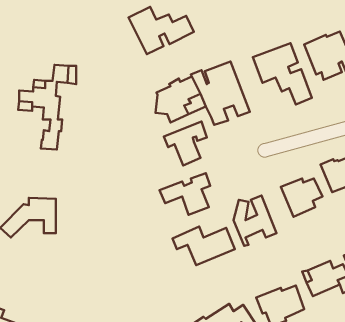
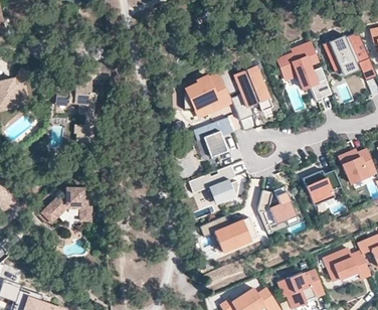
building: [129,7,194,54] -> none

